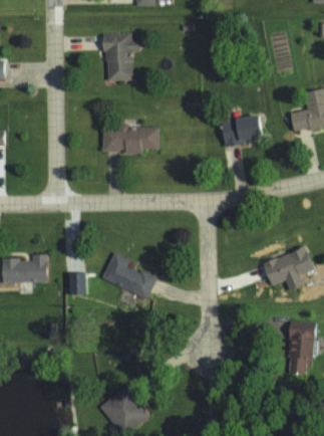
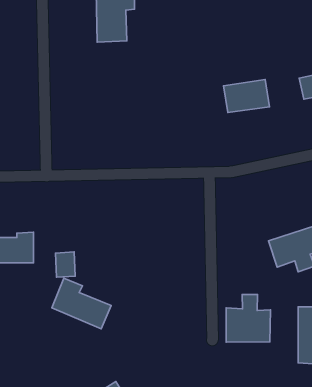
building: [102,126,159,153] -> none
building: [102,252,156,298] -> [52,278,111,329]
building: none -> [226,294,270,342]

